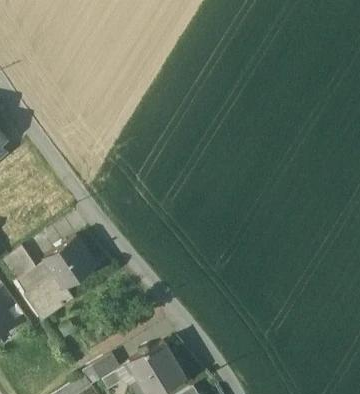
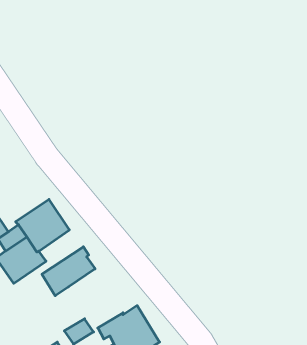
building: none -> [42,247,95,296]

